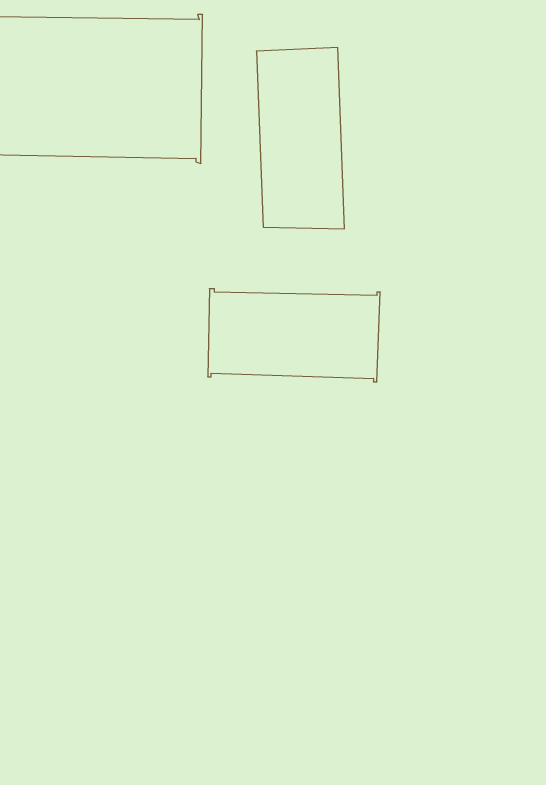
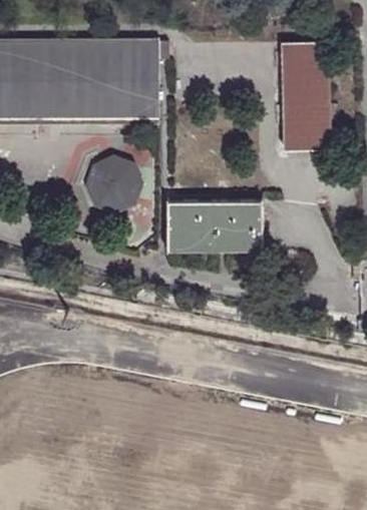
building: [256,48,344,229] -> [280,42,332,149]
building: none -> [87,150,144,211]

